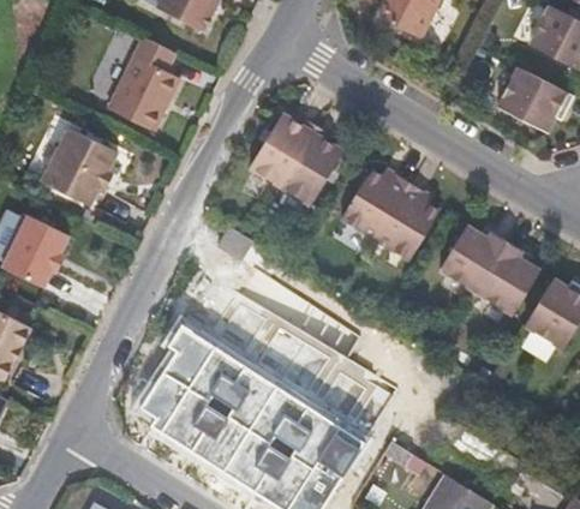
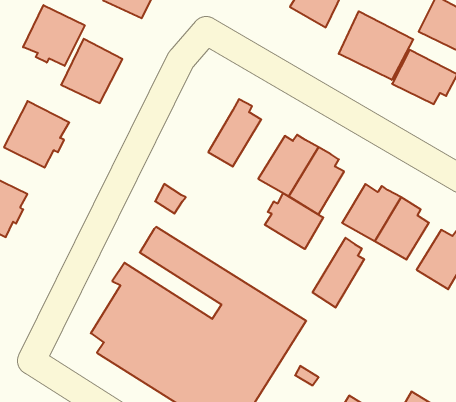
building: none -> [23,5,85,66]
building: none -> [339,11,413,80]
building: [247,114,316,188] -> none
building: none -> [265,193,323,249]
building: none -> [313,238,364,308]

